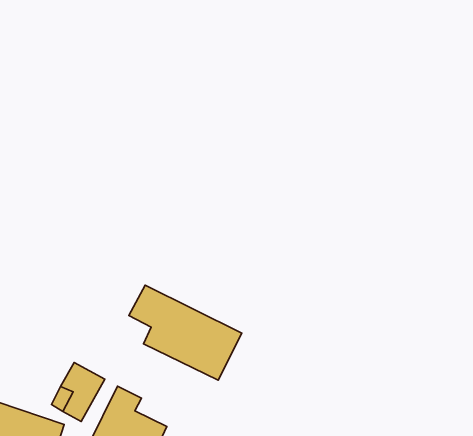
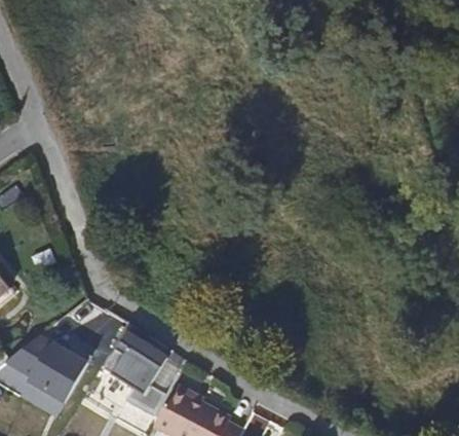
building: [129,285,242,380] -> none

